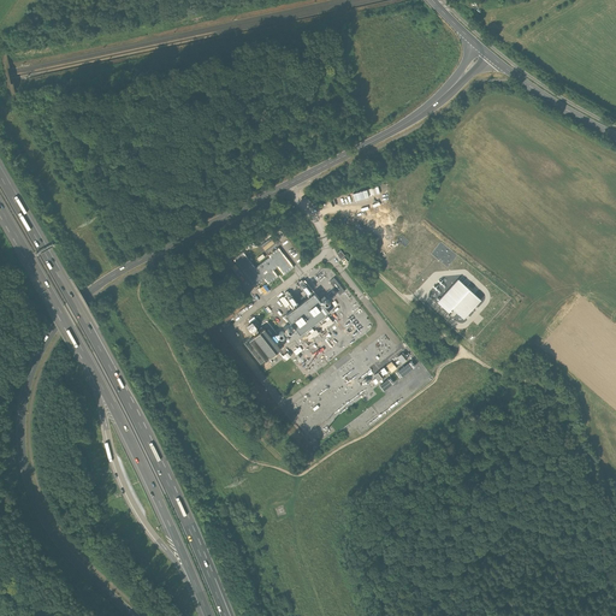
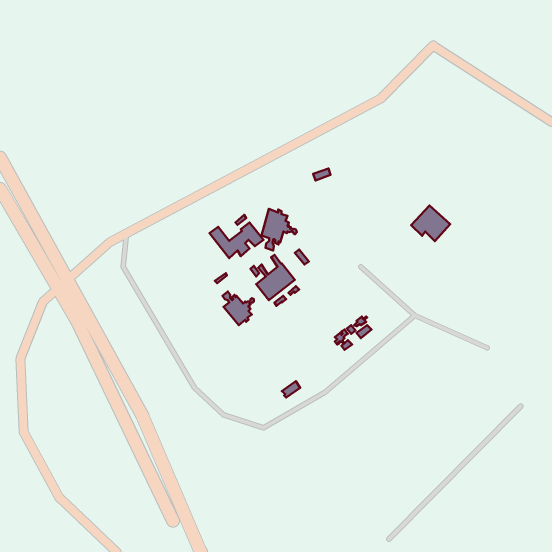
building: none -> [261,209,297,251]
building: [437,279,480,319] -> [411,206,450,241]

